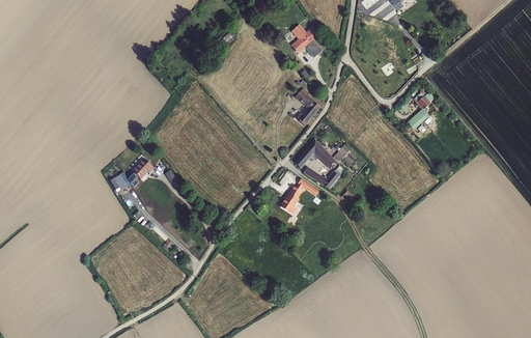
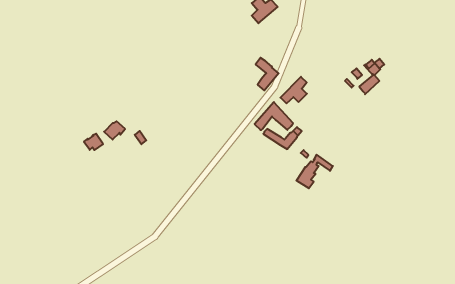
building: none -> [280,77,307,103]
building: [279,178,318,215] -> [296,155,333,188]

